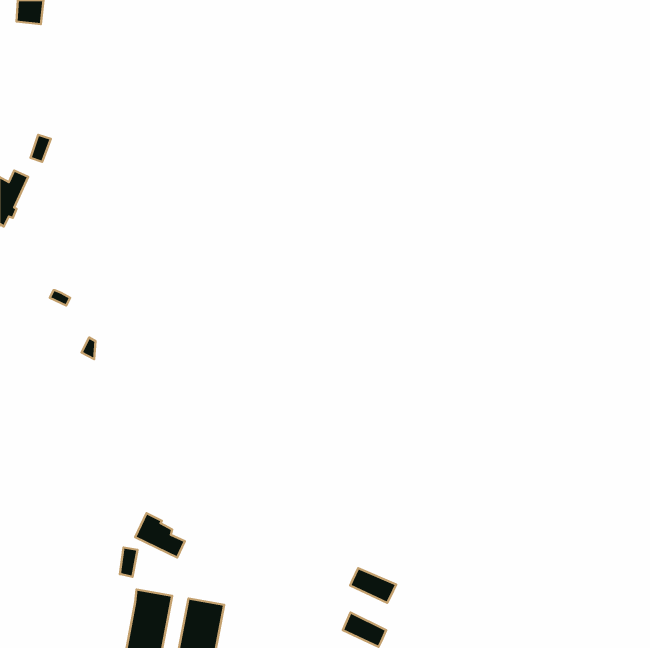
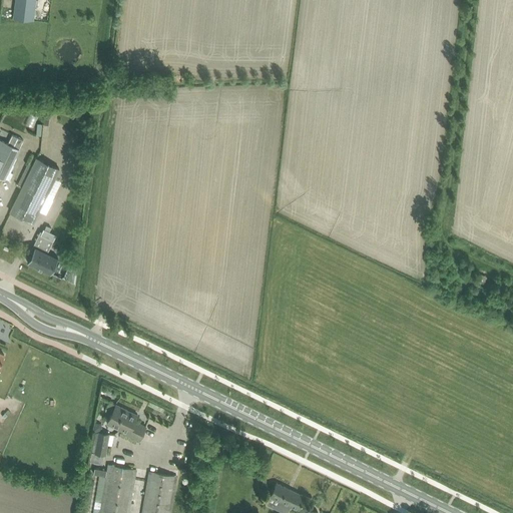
building: none -> [9,159,58,224]
building: none -> [26,248,57,275]
building: [350,568,396,603] -> none

